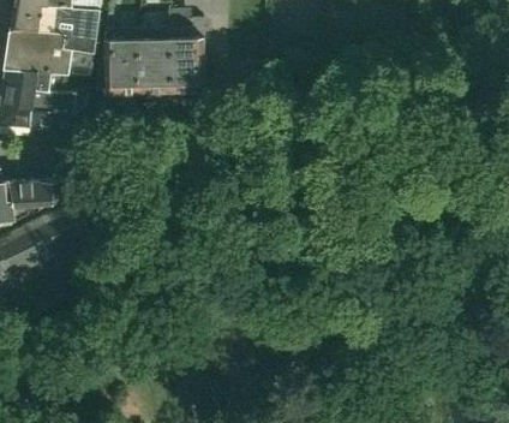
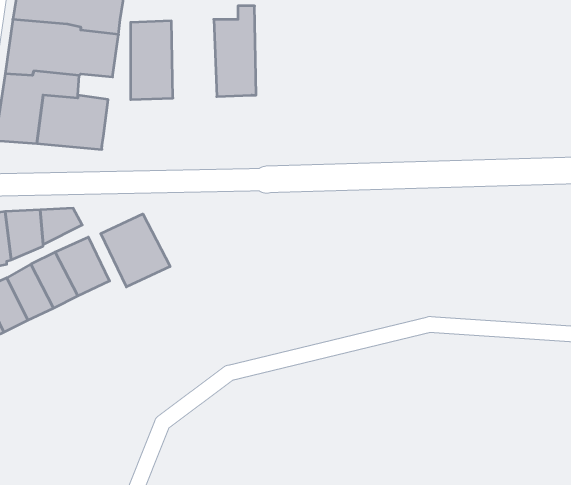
building: [138,26,174,89] -> none
building: none -> [101,214,170,287]

